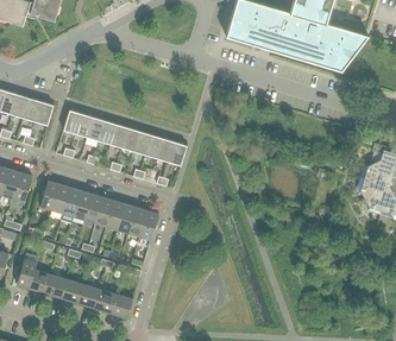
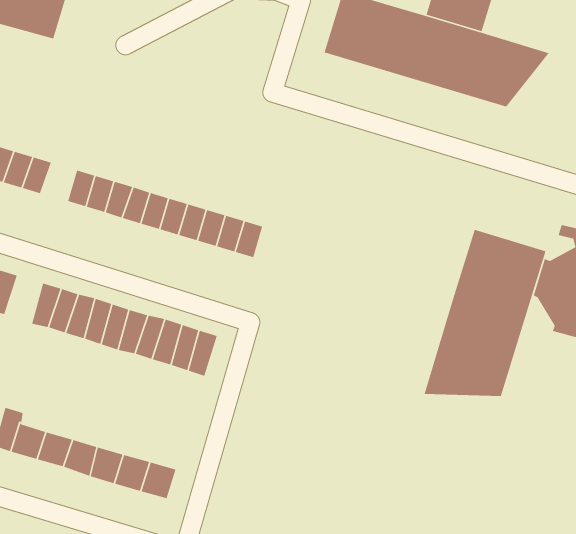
building: none -> [424,229,547,397]

